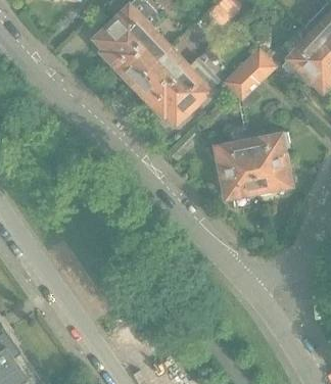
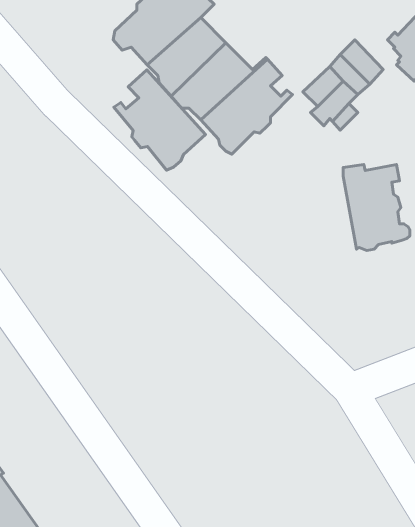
building: none -> [114,70,206,170]
building: [209,141,256,197] -> none

